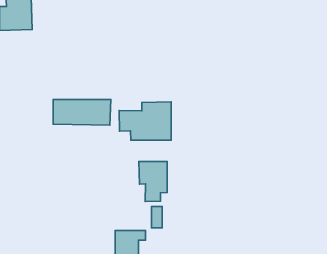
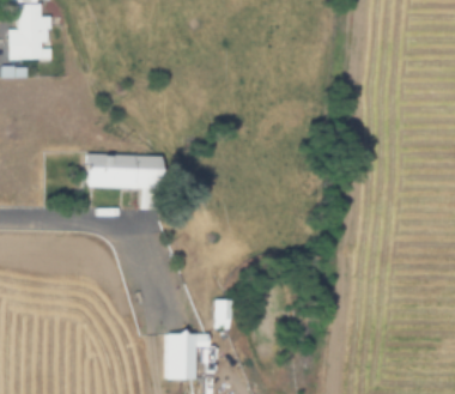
building: [119,102,171,140] -> none
building: [139,161,167,202] -> none

